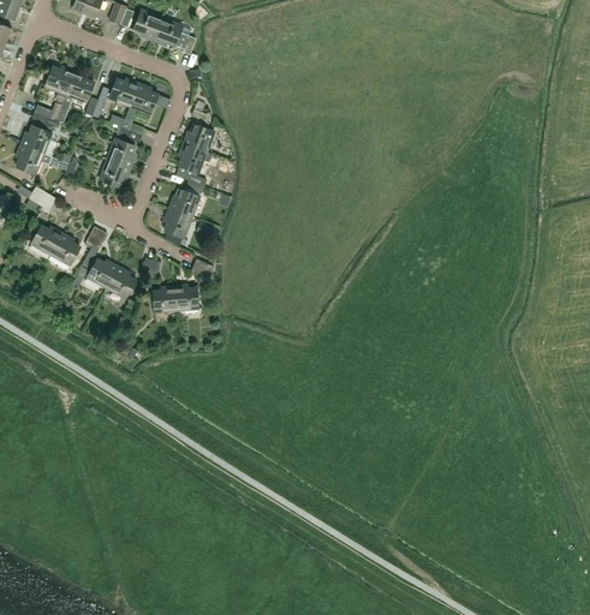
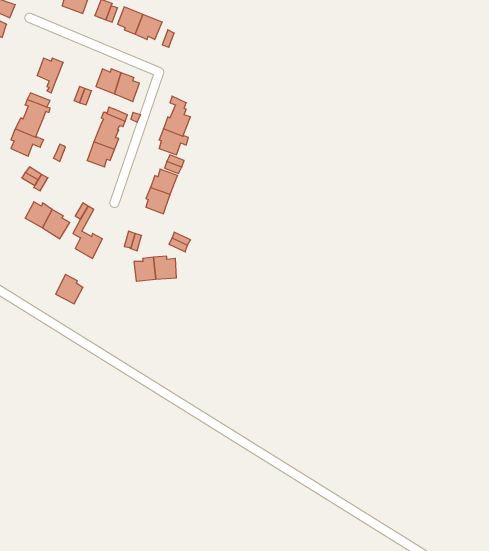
building: [60,71,94,106] -> none
building: [106,265,136,298] -> [56,274,83,304]

